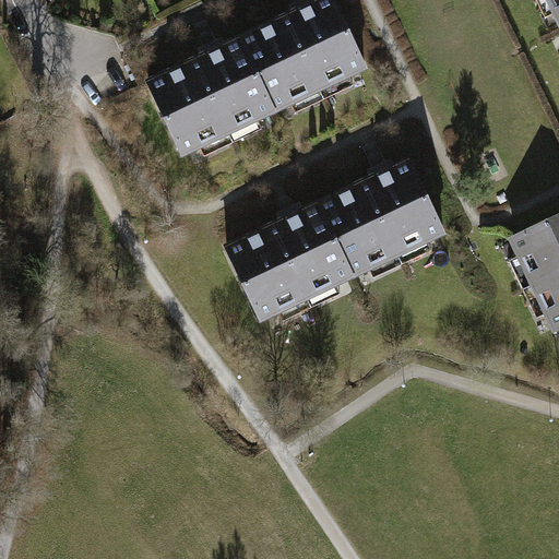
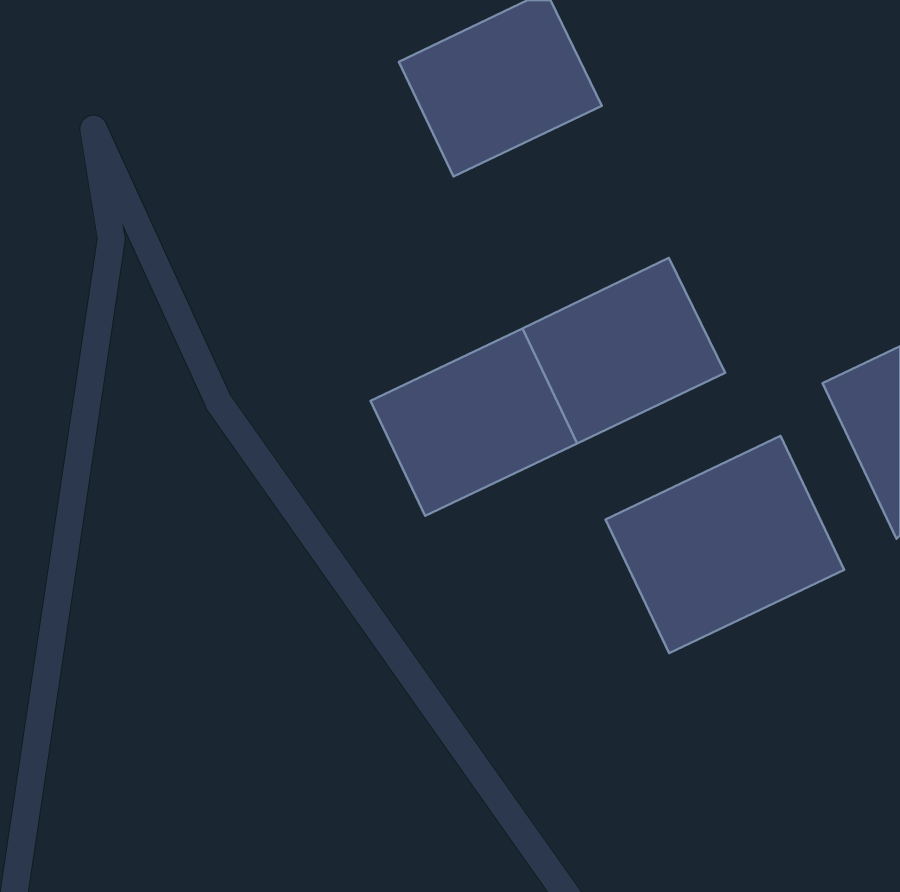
building: [153,45,281,162] -> none
building: none -> [606,436,844,653]

